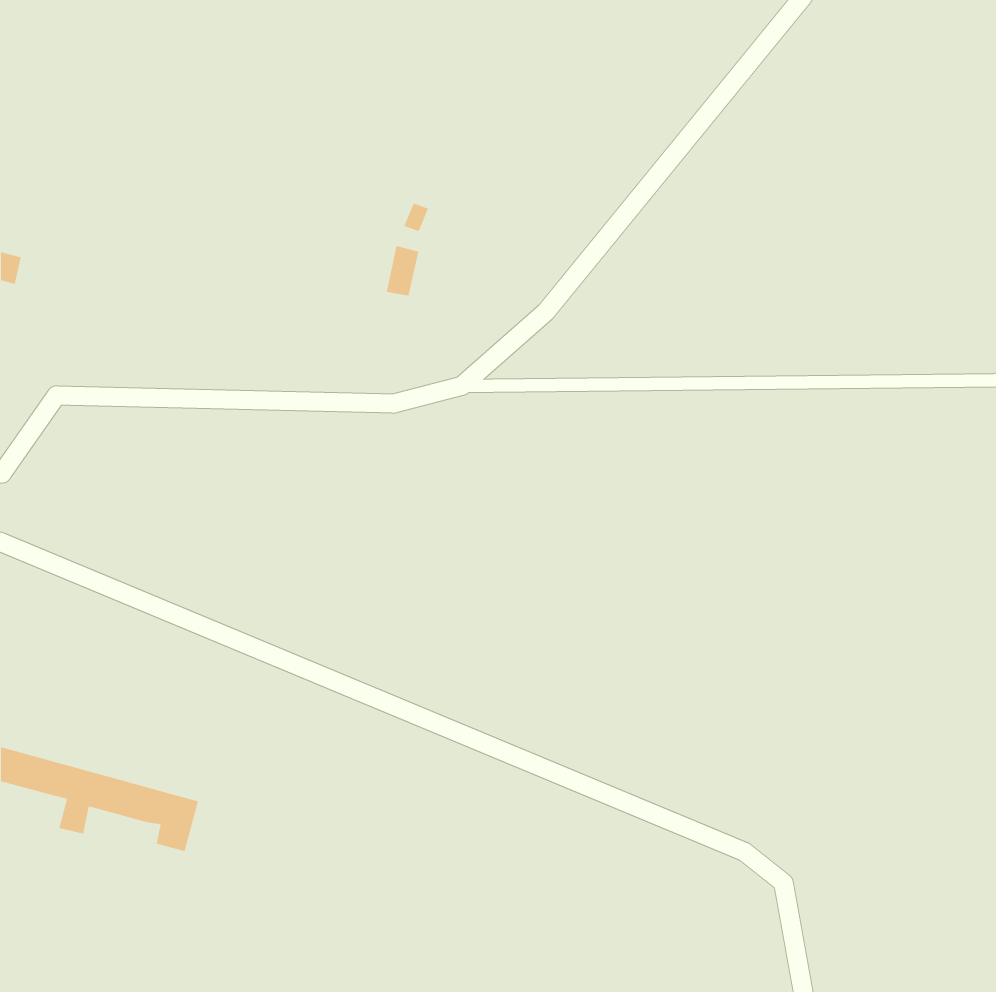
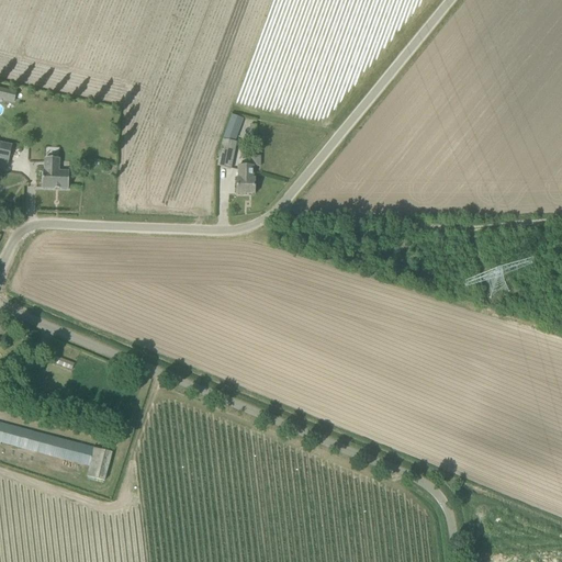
building: none -> [43,157,69,188]
building: none -> [237,164,255,192]

